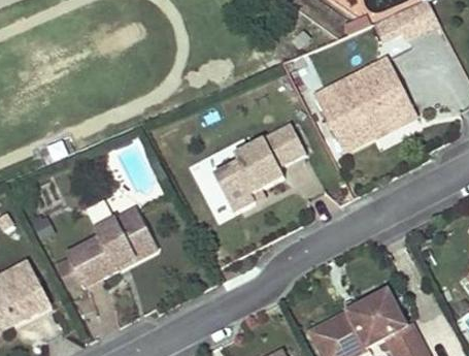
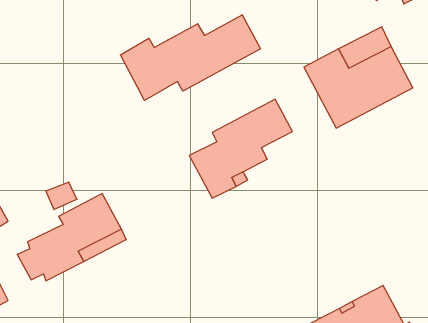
building: none -> [120,15,260,100]

